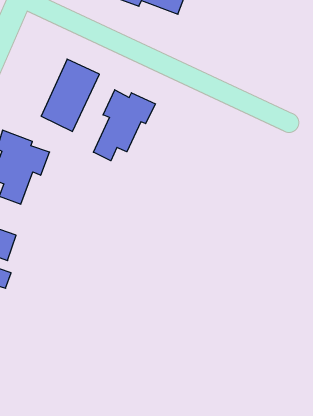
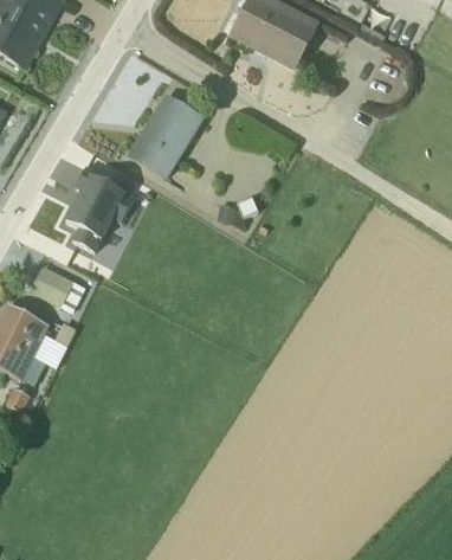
building: [93,90,155,161] -> none

